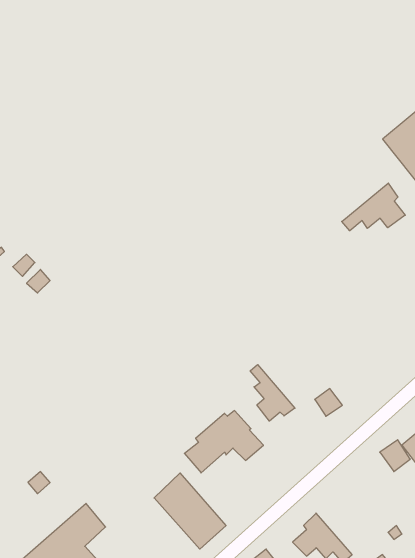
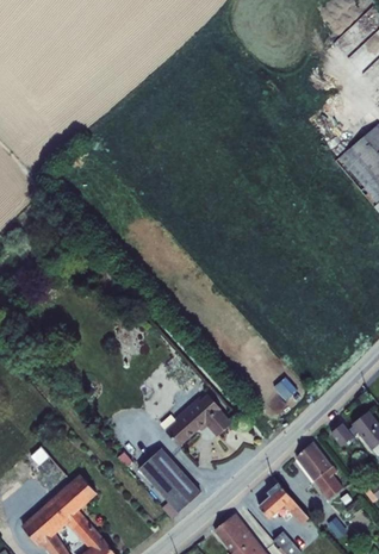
building: [342,183,405,231] -> none
building: [250,365,295,421] -> none
building: none -> [294,441,342,499]

